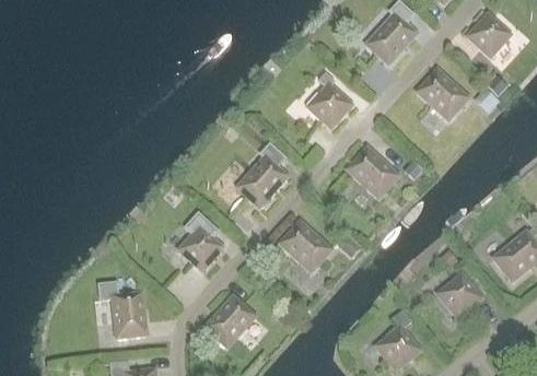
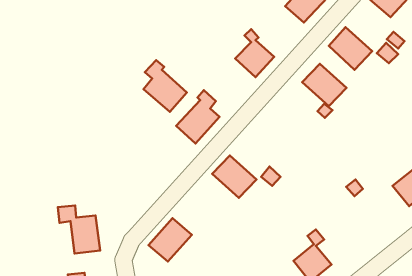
building: none -> [143,60,187,112]
building: [346,146,398,197] -> [302,64,346,106]
building: [177,212,222,270] -> none
building: [436,272,481,317] -> none

